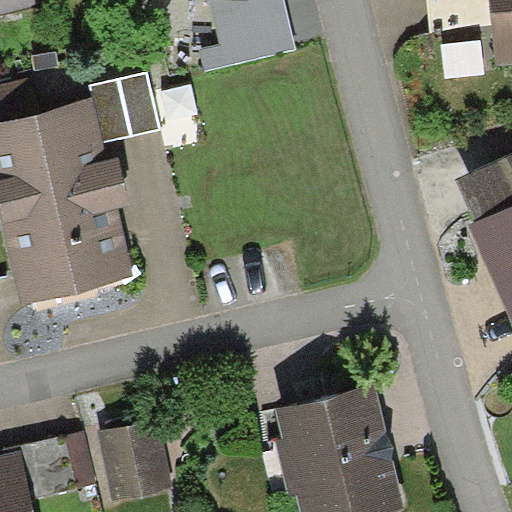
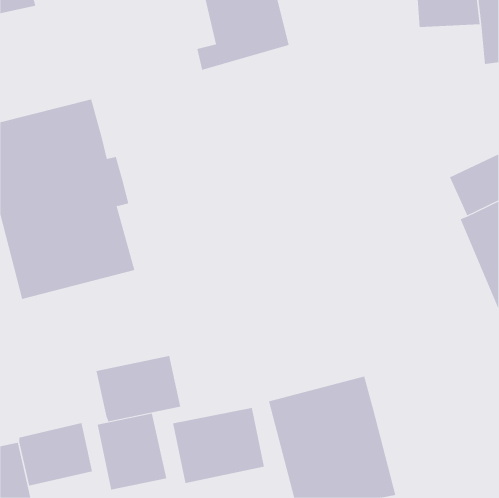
building: [90,74,158,142] -> none
building: none -> [96,355,181,422]
building: none -> [172,407,265,484]

